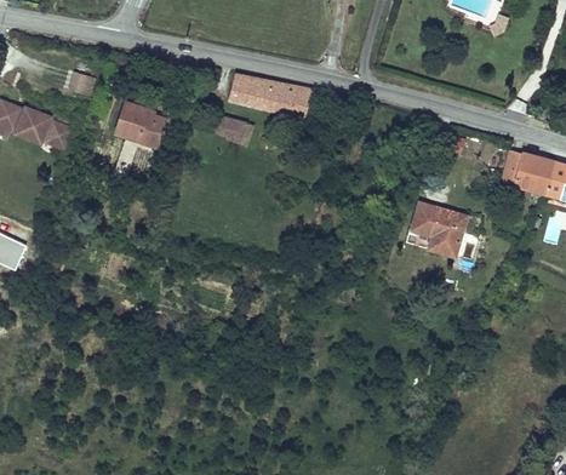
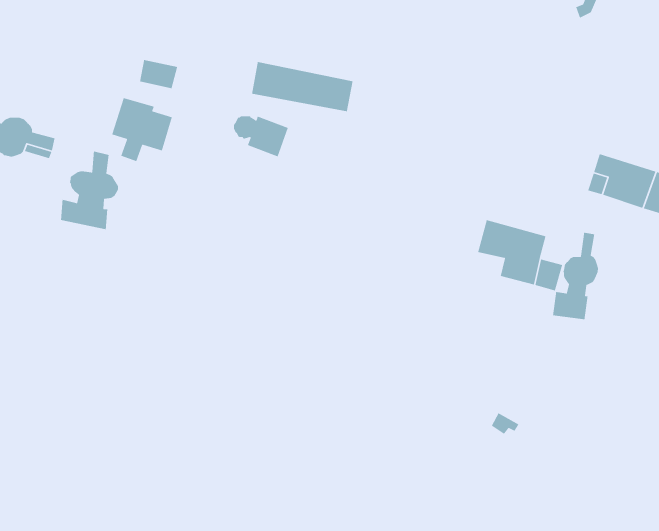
building: [68,69,99,93] -> [139,59,178,89]
building: none -> [60,150,119,230]
building: none -> [552,232,599,320]

